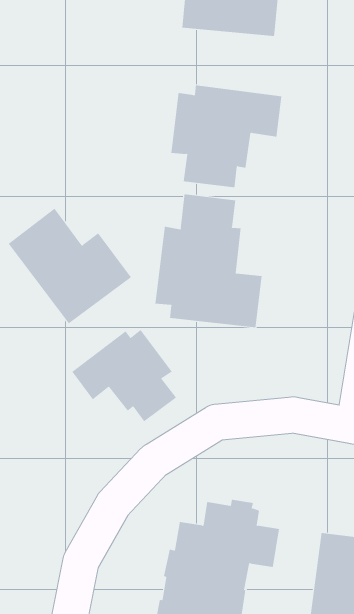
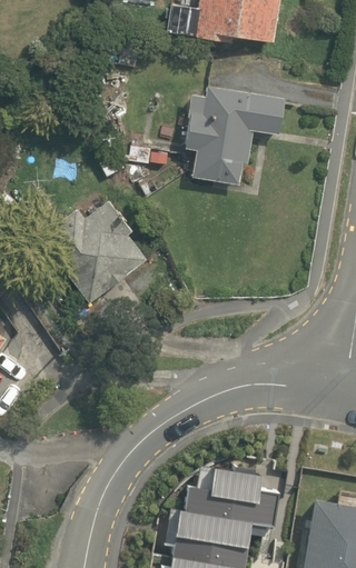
building: [155,193,262,328] -> none
building: [71,329,177,422] -> none

